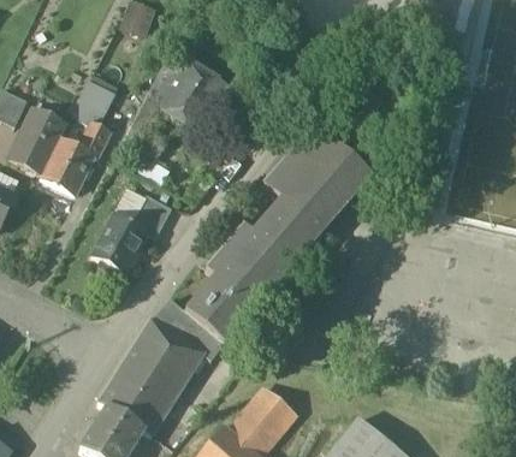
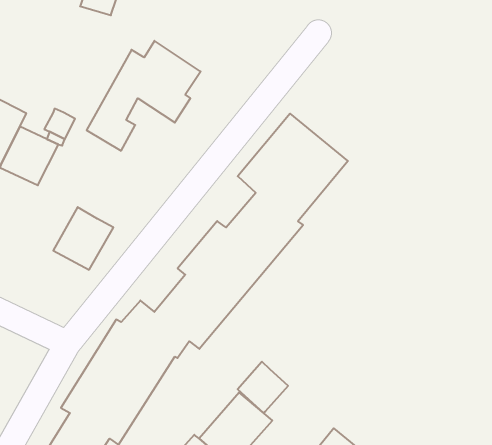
building: [71,79,115,124] -> none
building: [131,195,171,236] -> none
building: none -> [238,362,288,413]

